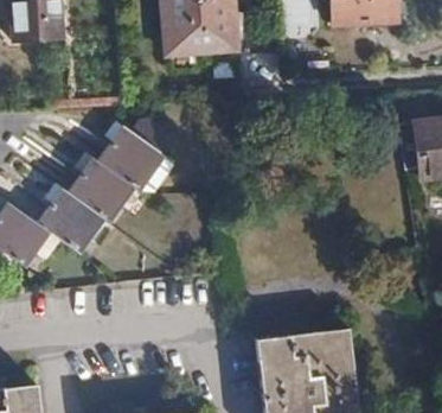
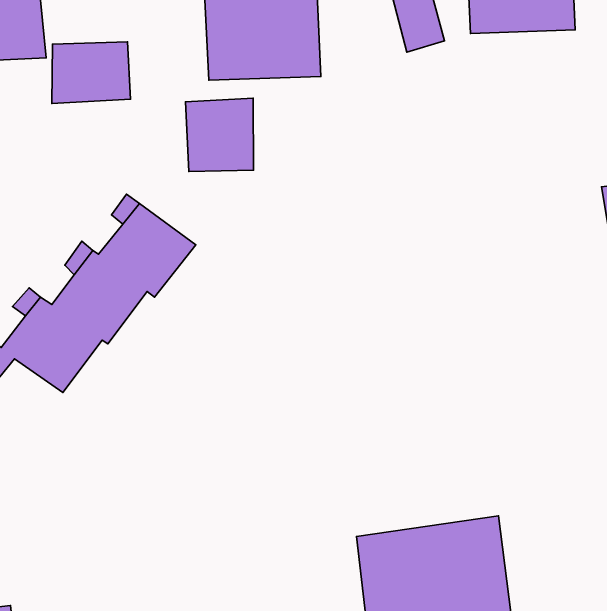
building: none -> [52,42,130,103]
building: none -> [185,98,254,172]

